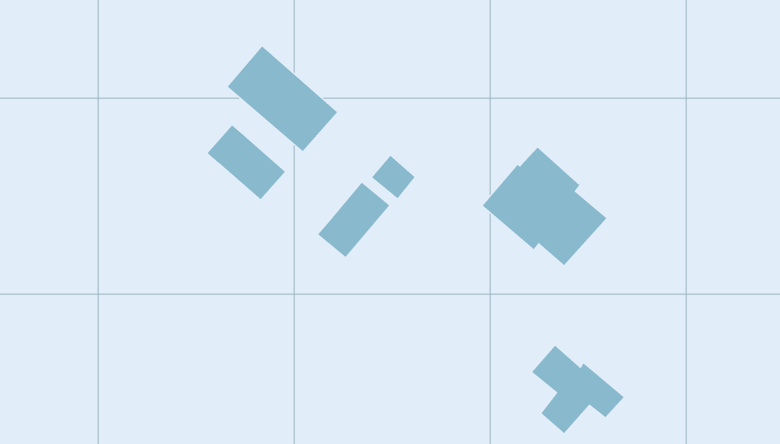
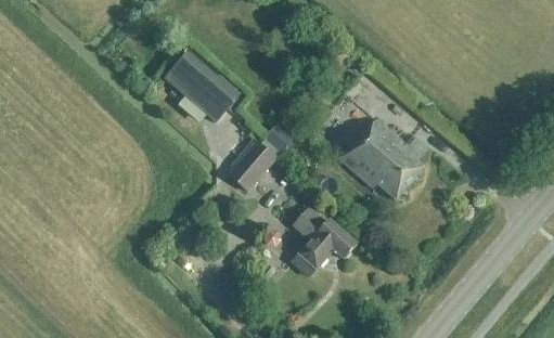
building: [207,125,286,200] -> none
building: [531,345,624,434] -> [292,208,356,269]

